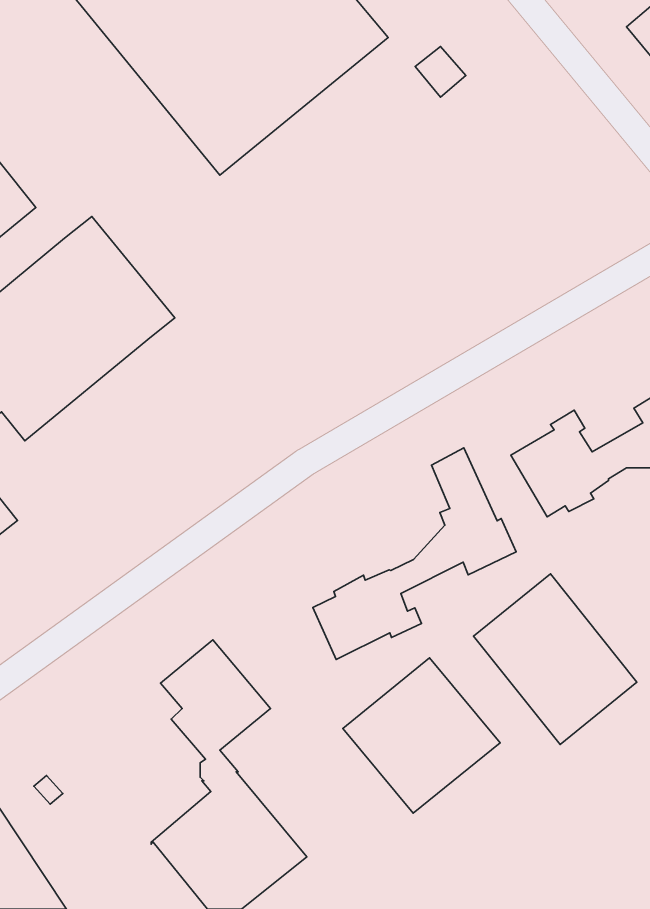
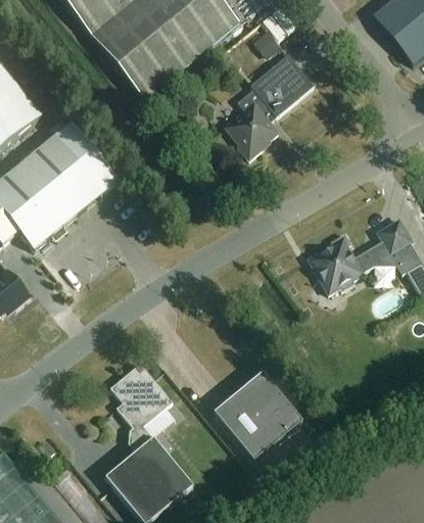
building: none -> [226,52,315,158]
building: [313,448,516,659] -> none
building: [474,574,637,745] -> none

